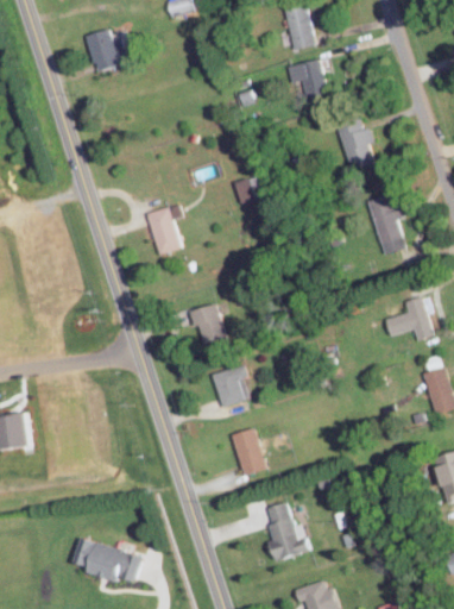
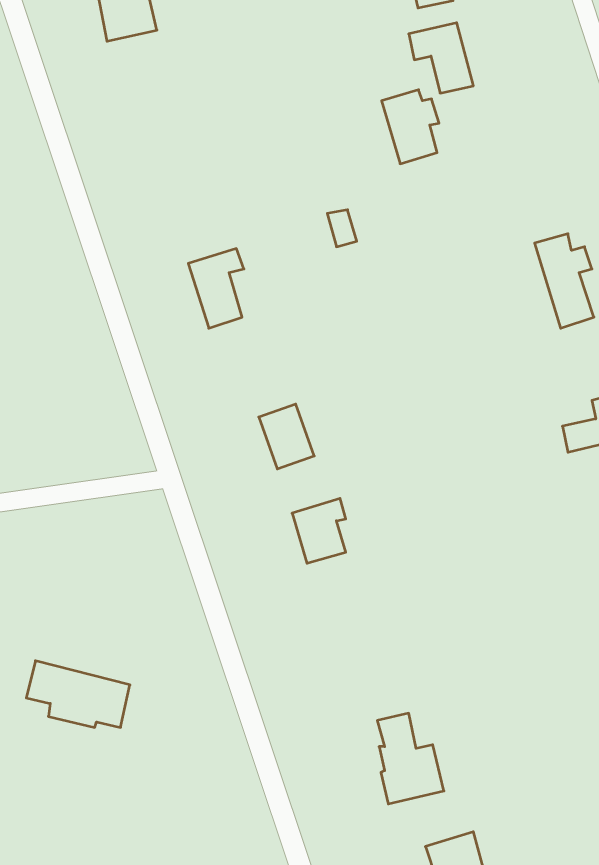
building: [338,121,374,169] -> [382,90,439,164]
building: [232,428,265,475] -> none
building: [74,538,140,580] -> [26,661,130,727]

